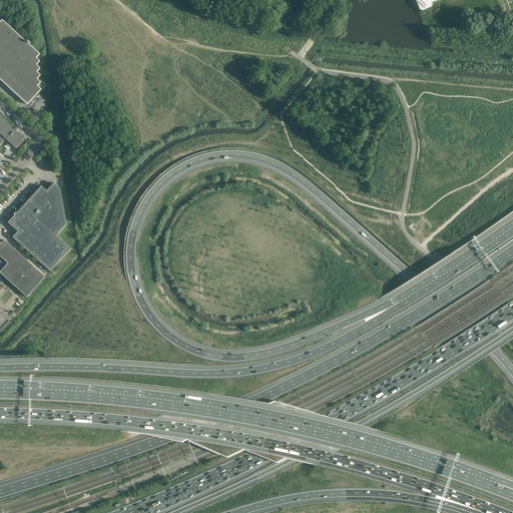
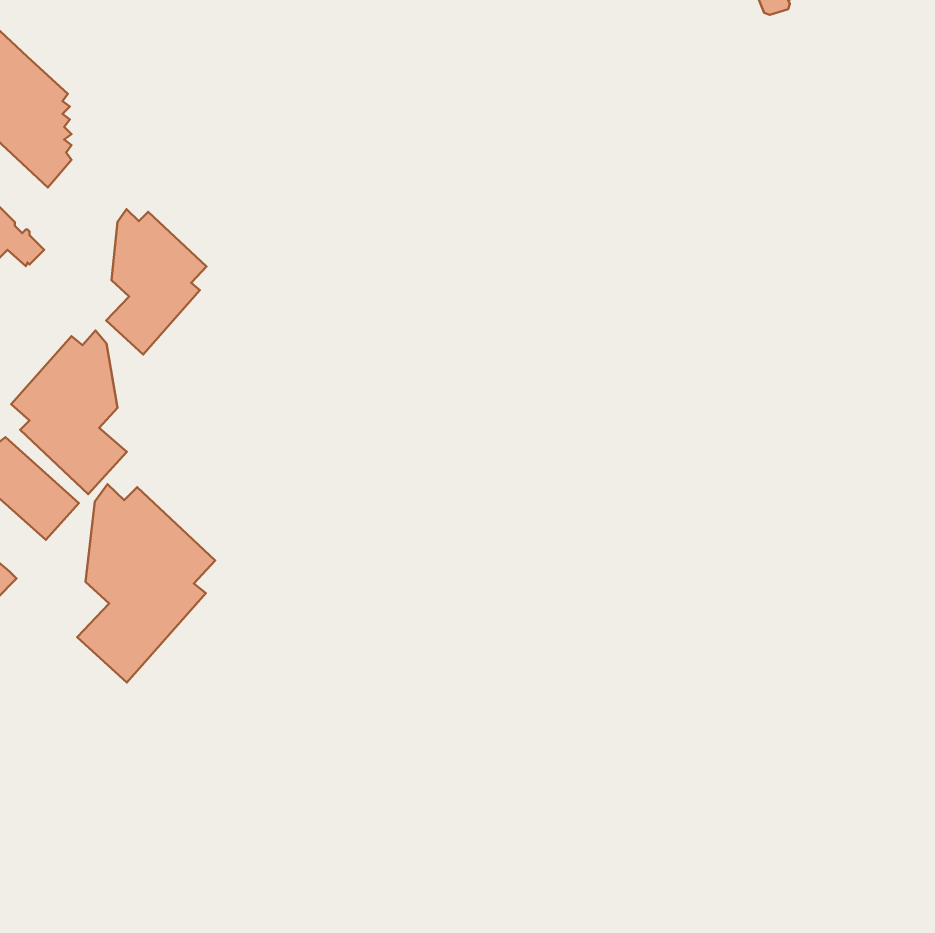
building: none -> [106,209,207,354]
building: none -> [77,484,215,682]

